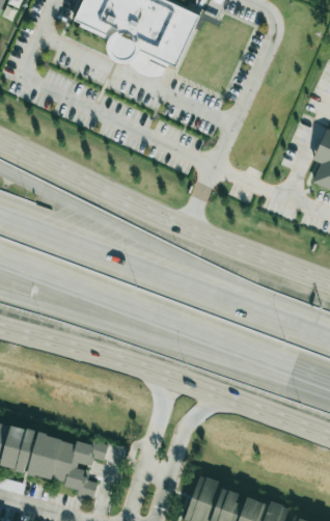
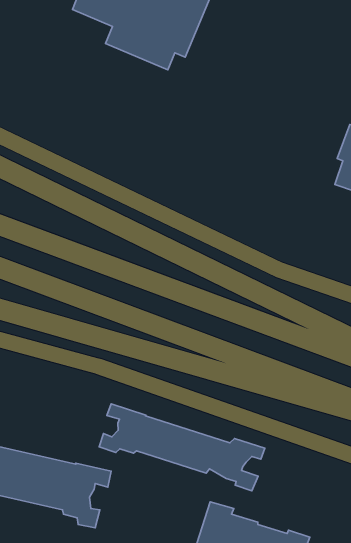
building: none -> [99,404,265,491]

